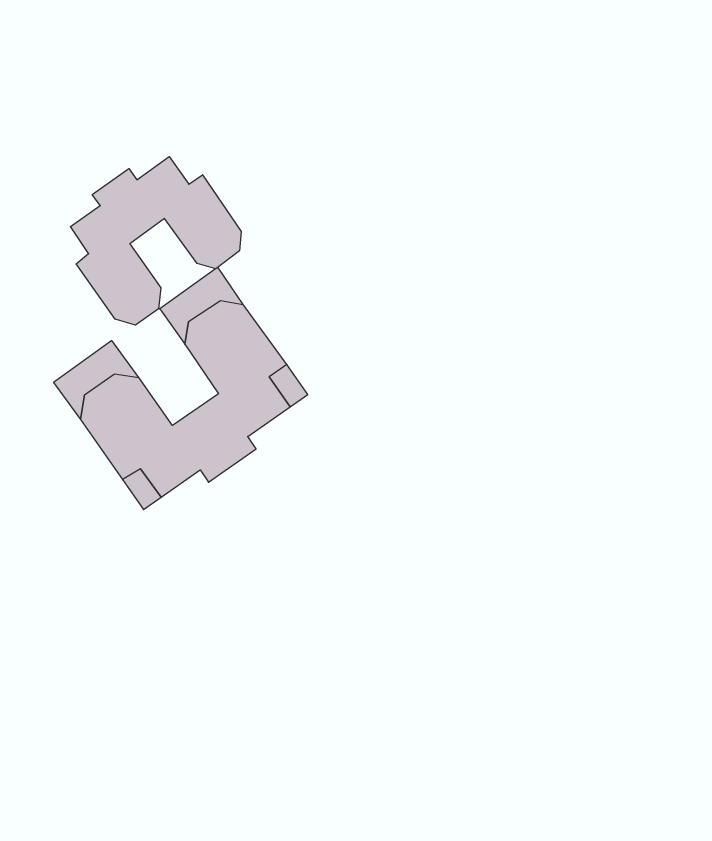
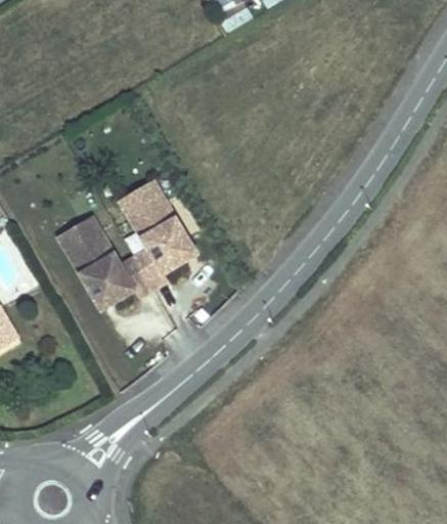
building: [70,157,241,325] -> none

